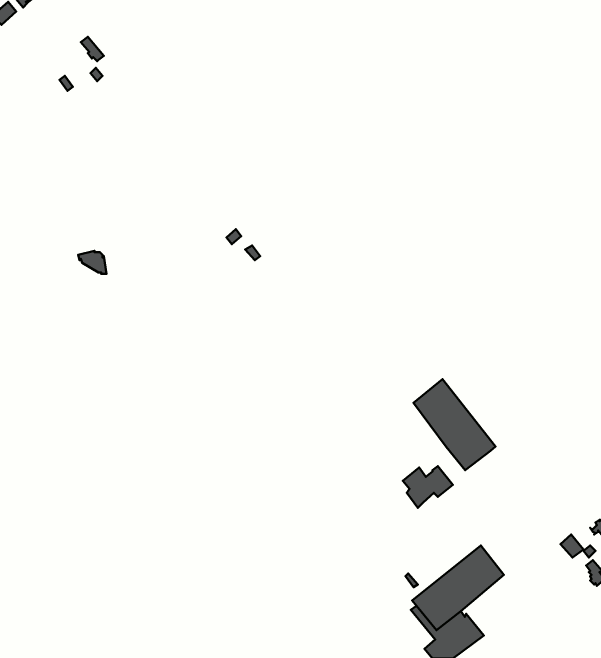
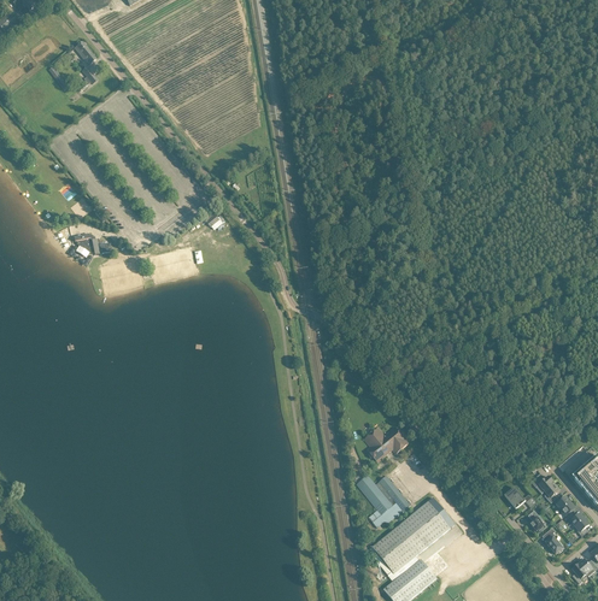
building: [413,379,496,470] -> none
building: none -> [356,475,410,526]

